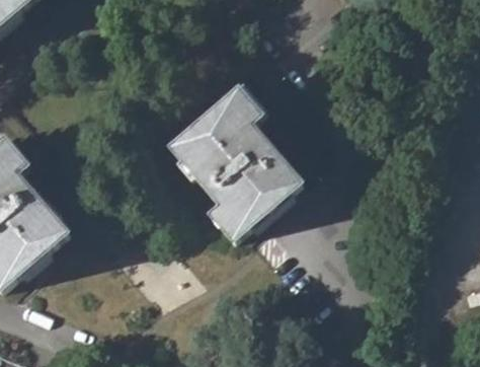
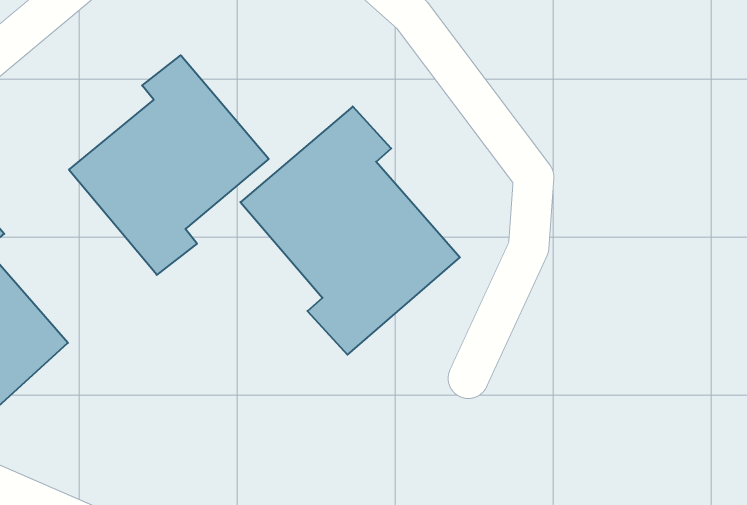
building: none -> [69,55,269,275]

